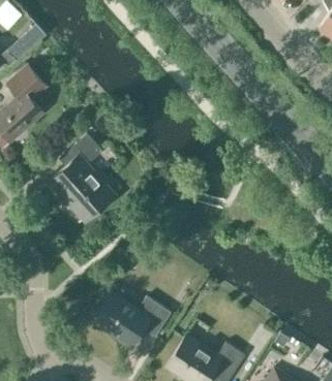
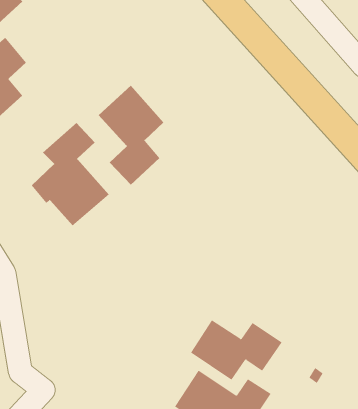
building: none -> [98,85,164,185]
building: [95,293,171,343] -> [190,319,283,380]

